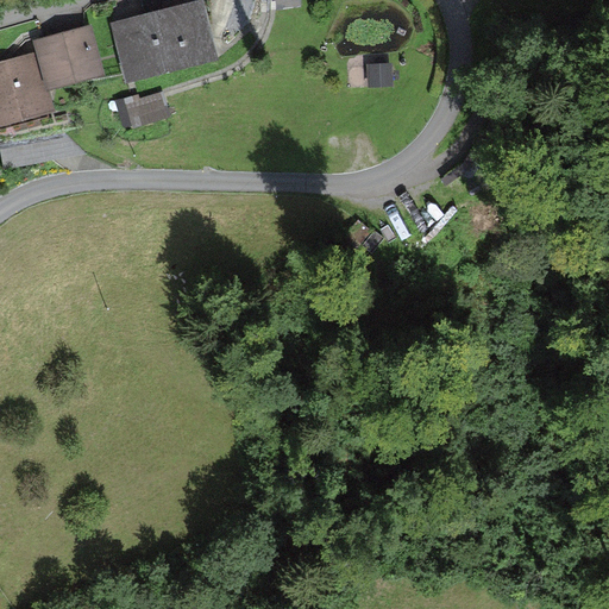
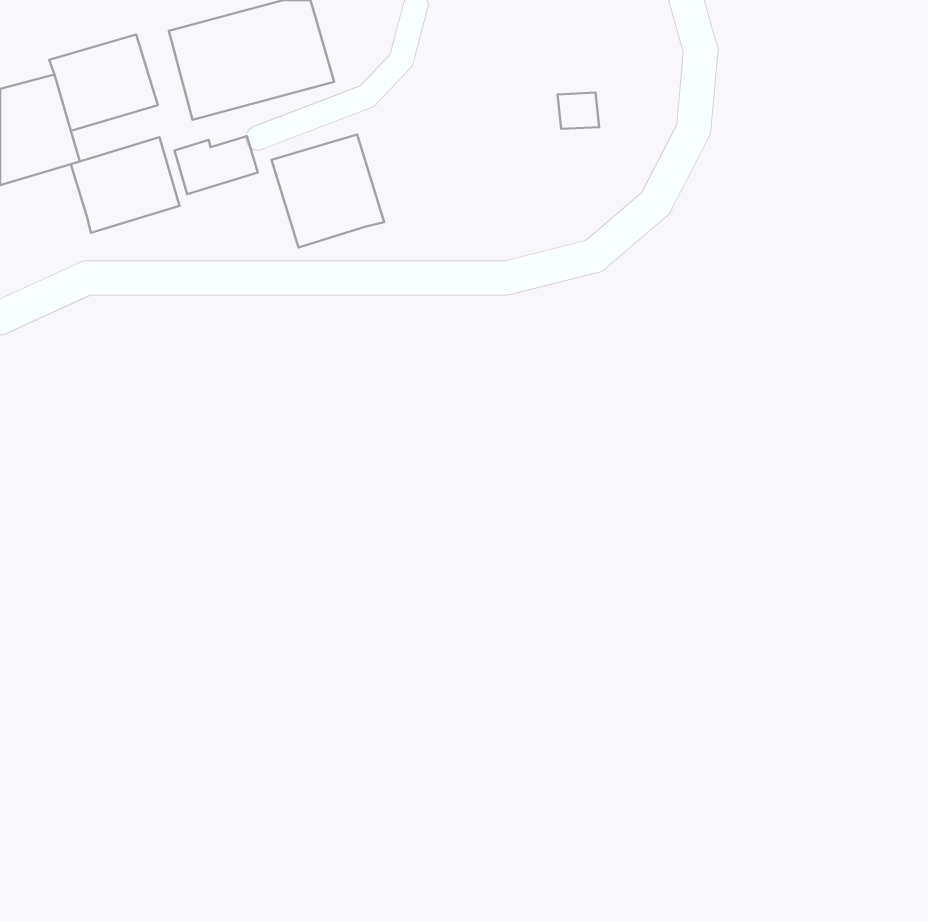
building: none -> [271,135,384,247]
building: none -> [71,137,179,233]

